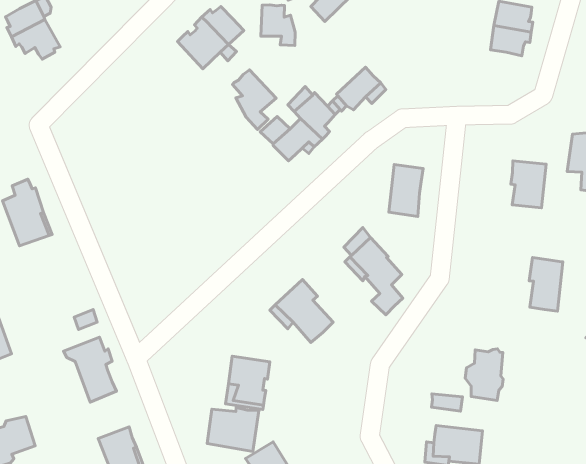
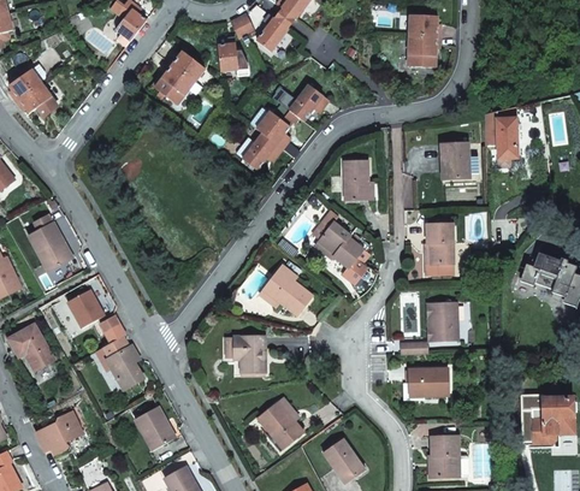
building: [232,70,276,129] -> none
building: [529,258,563,311] -> [426,224,452,265]
building: none -> [66,289,103,327]
building: [207,407,259,451] -> none

